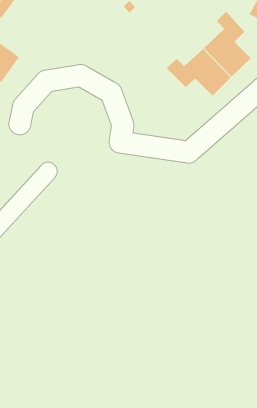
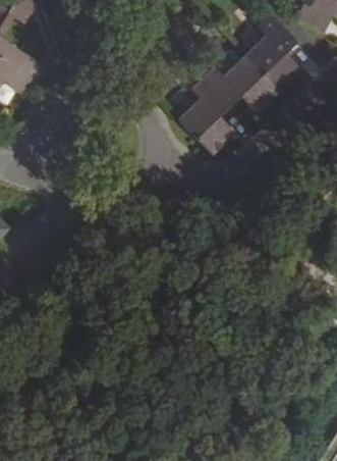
building: none -> [178,78,233,152]

